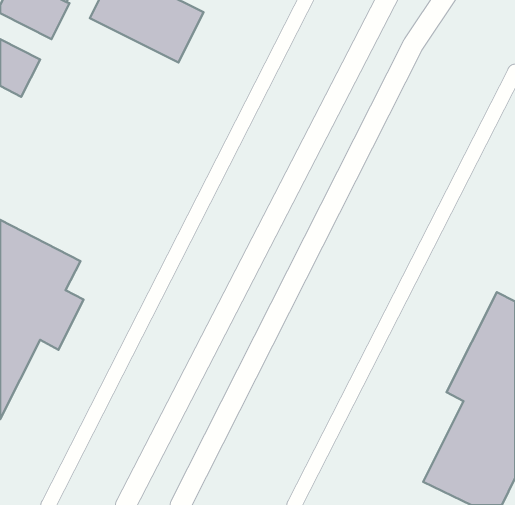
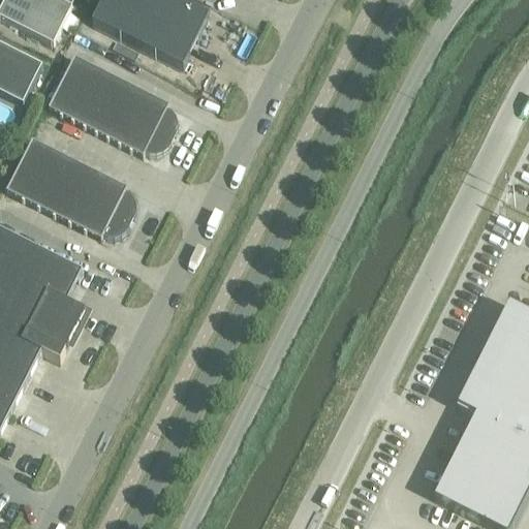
building: none -> [48,51,178,151]
building: none -> [5,133,135,235]

